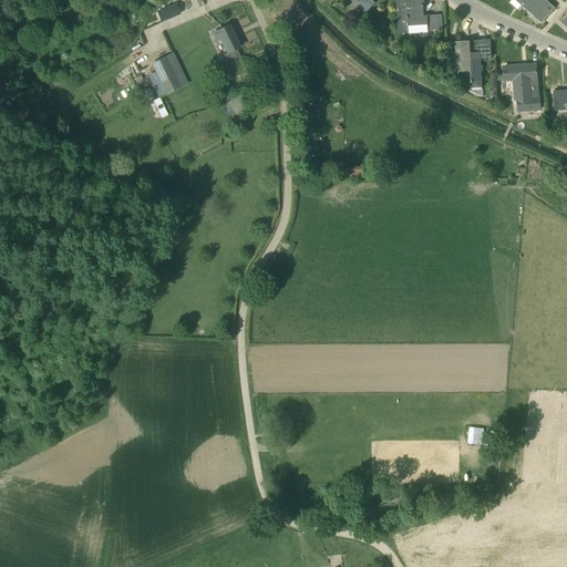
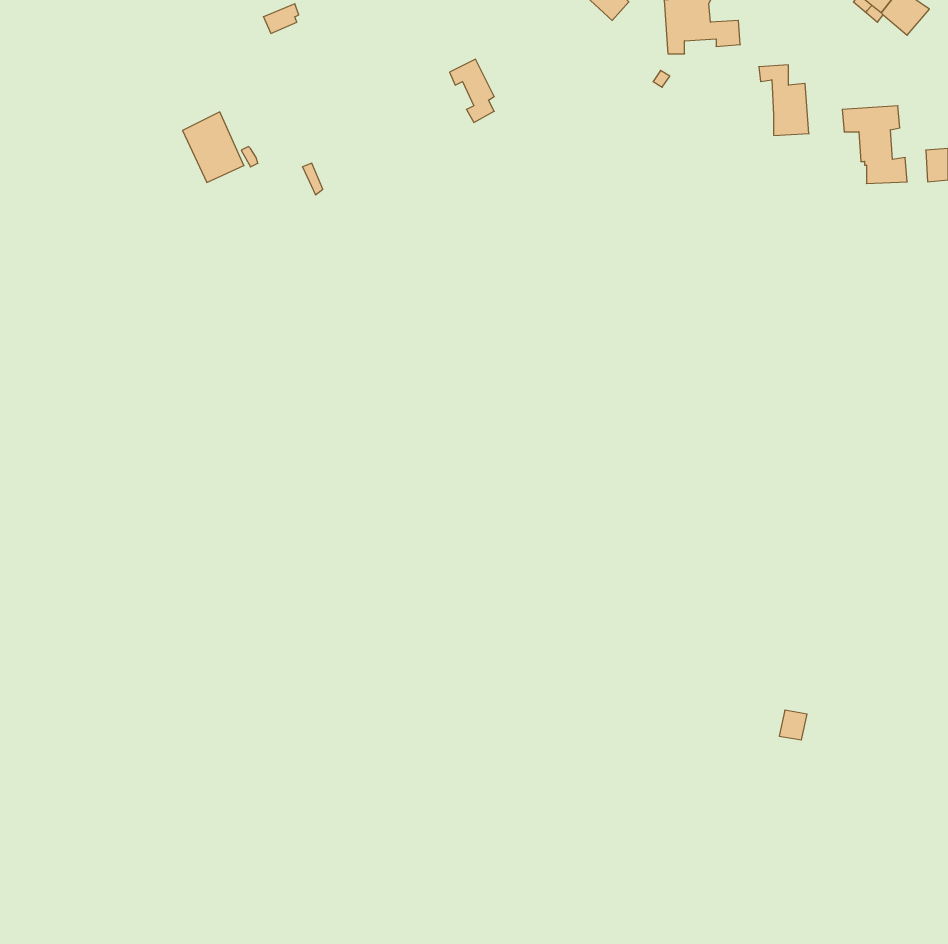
building: [213,23,239,61] -> [450,59,494,122]
building: [152,51,188,93] -> [183,112,244,182]

